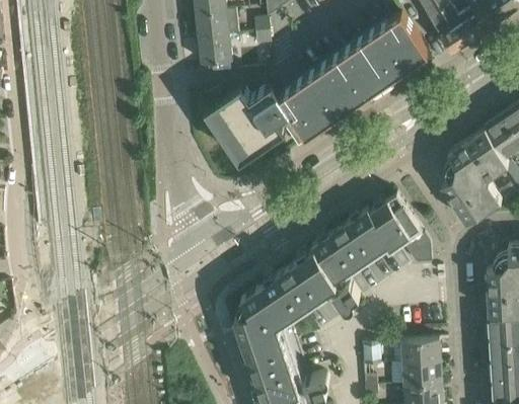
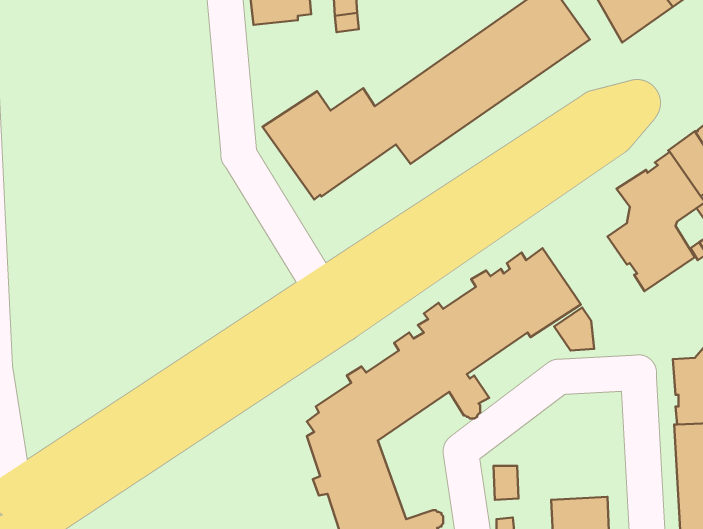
building: [199,37,231,64] -> none
building: [401,338,441,366] -> none

